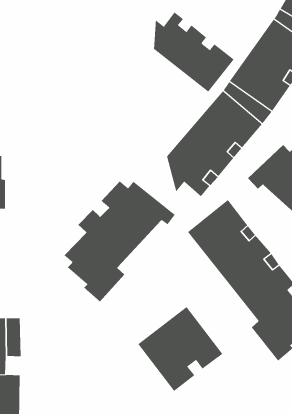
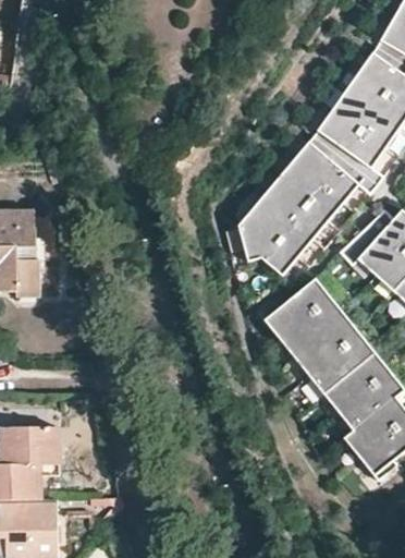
building: [153,11,235,93] -> none
building: [63,181,175,302] -> none
building: [138,306,223,392] -> none

